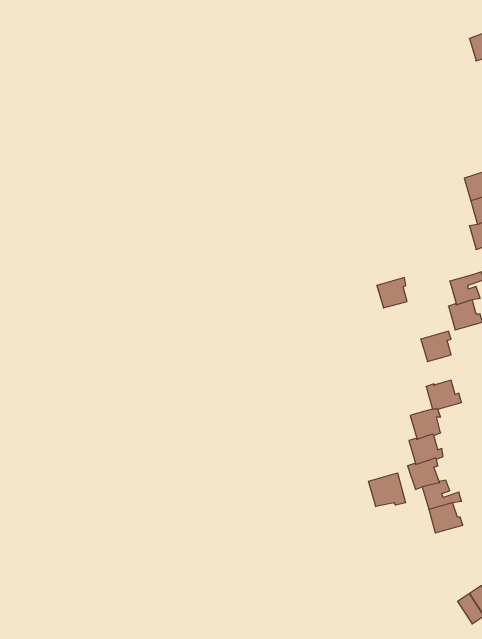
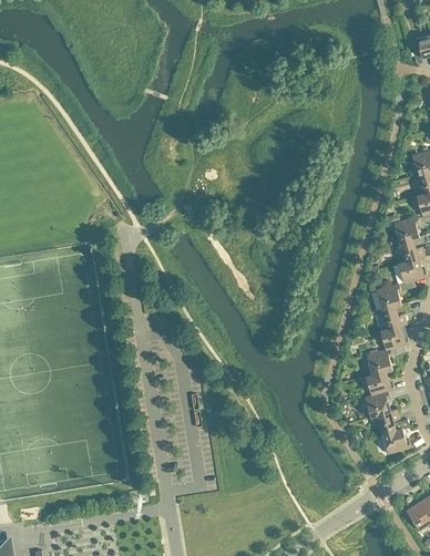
building: [377,278,407,308] -> [392,217,418,243]
building: none -> [379,302,408,330]
building: [369,473,406,507] -> none

